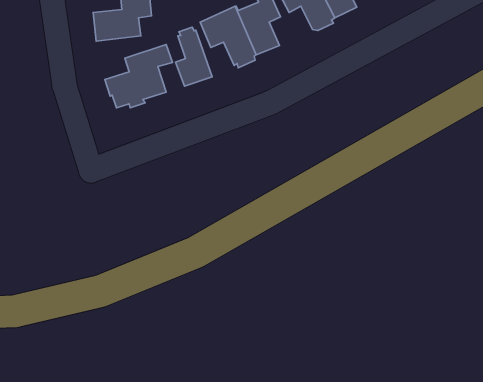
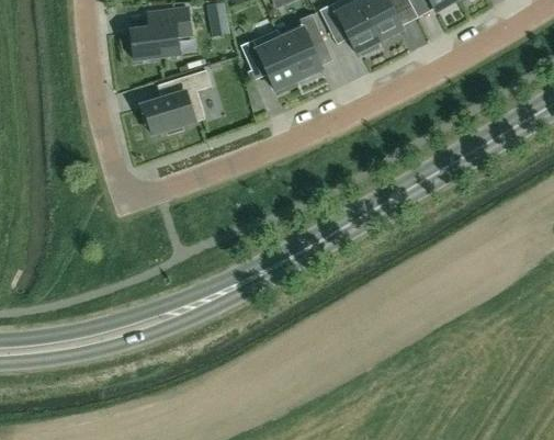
building: [176,27,212,86] -> none

